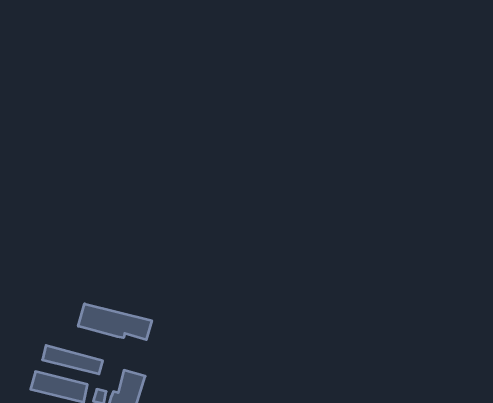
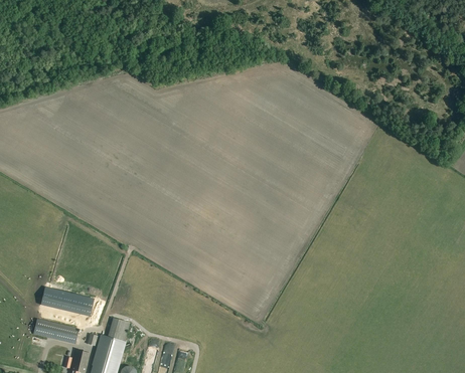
building: [78,304,152,340] -> none

